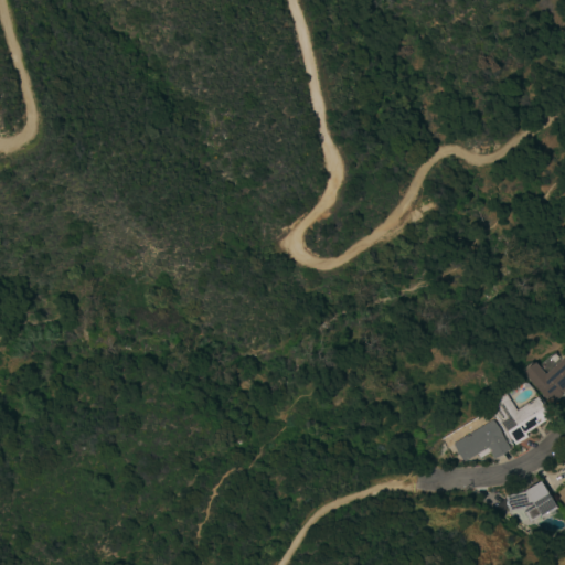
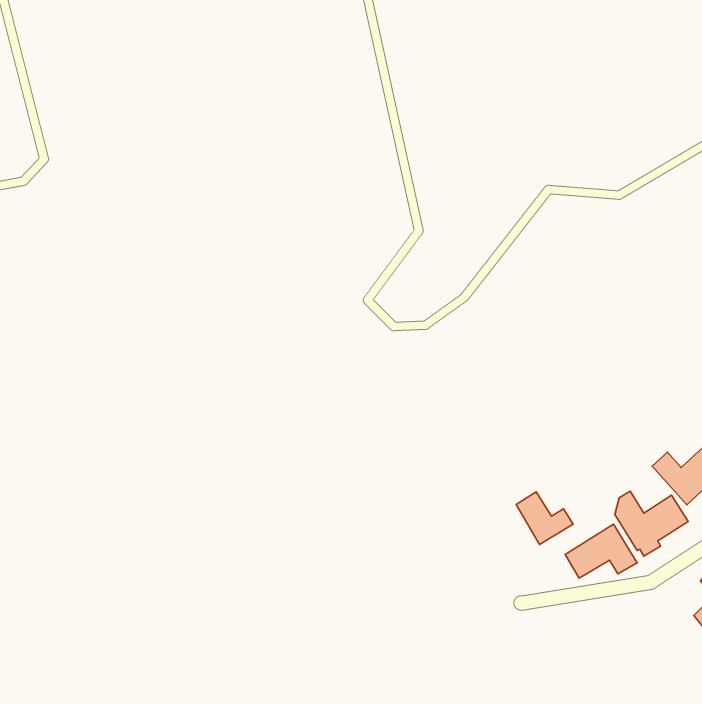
building: none -> [516,492,573,545]
building: [508,480,559,522] -> none

